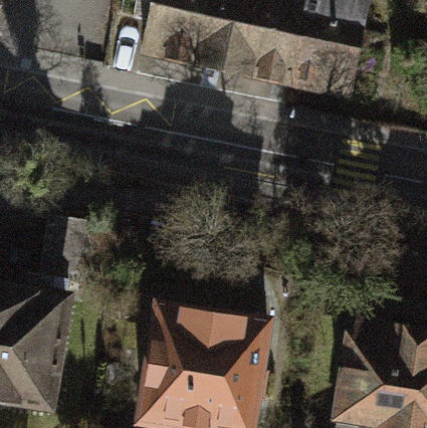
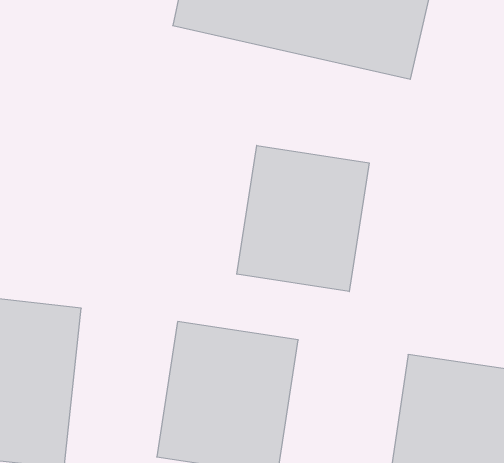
building: none -> [237,145,369,292]

